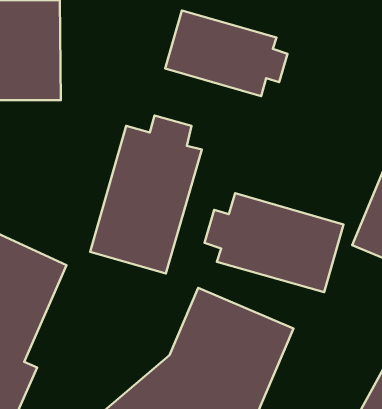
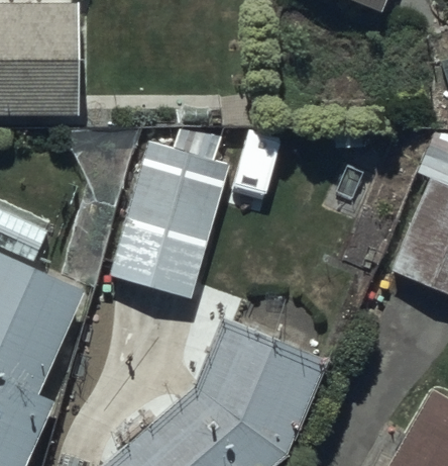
building: [165,11,287,96] -> none
building: [205,193,344,292] -> none

